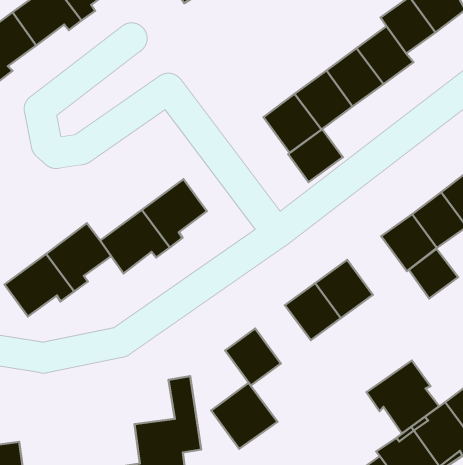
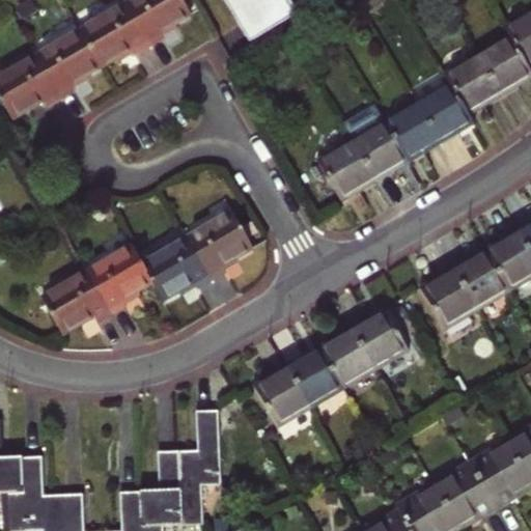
building: [288,129,343,182] -> none
building: [409,249,458,298] -> none
building: none -> [287,347,341,404]
building: [366,360,439,434] -> none
building: [211,383,277,449] -> none

